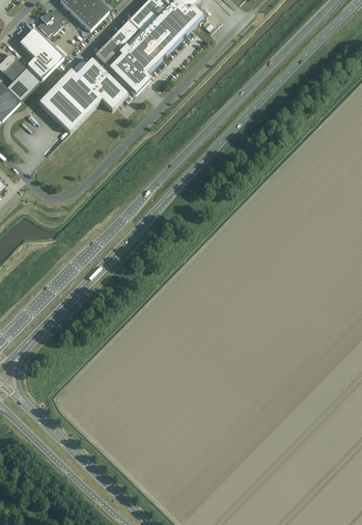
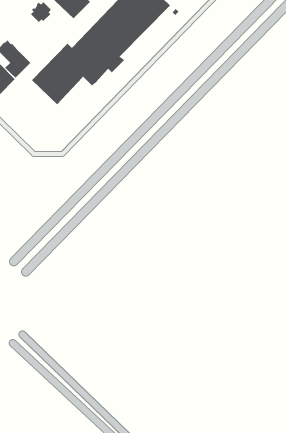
building: [19,27,64,78] -> none

